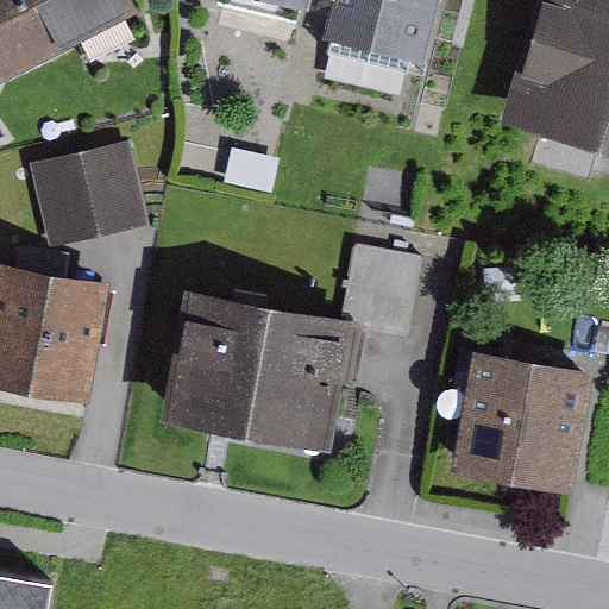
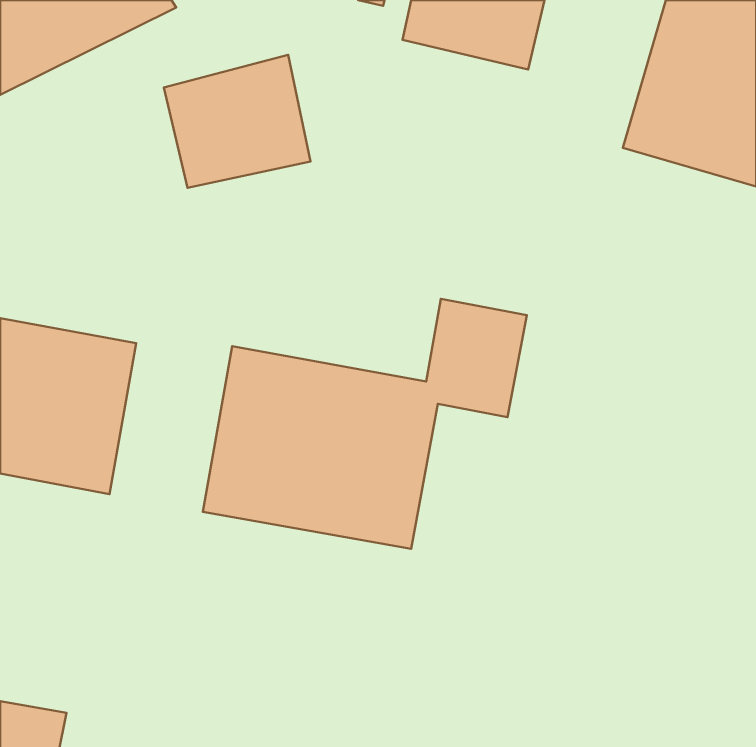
building: [30,144,147,251] -> [164,55,310,188]
building: [451,351,594,495] -> none

